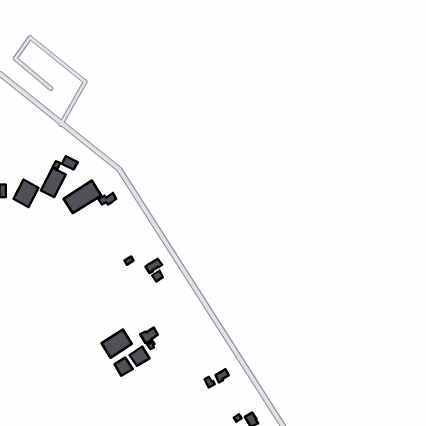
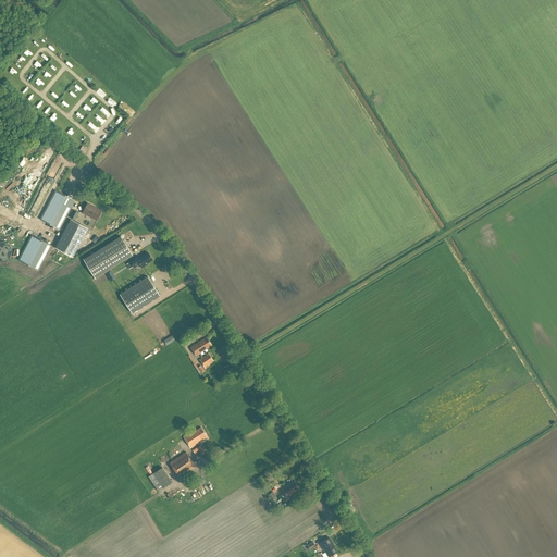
building: none -> [39,189,74,230]
building: none -> [119,276,159,312]
building: [101,329,132,358] -> none

